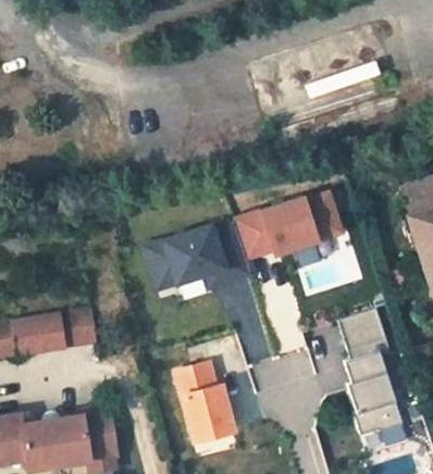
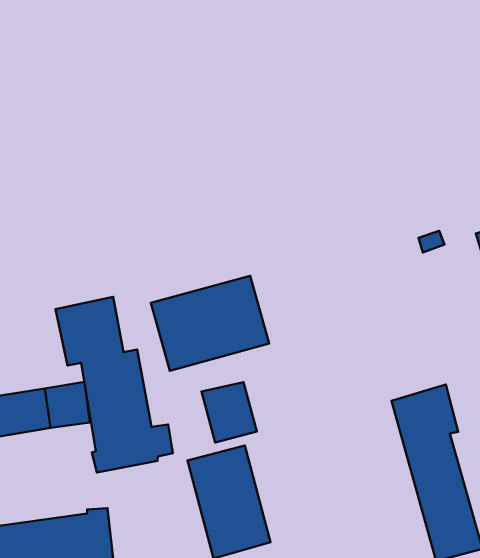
building: [234,188,345,265] -> none
building: none -> [55,297,173,473]
building: none -> [201,382,257,443]

